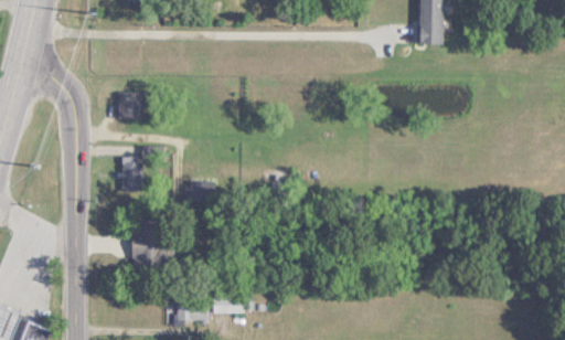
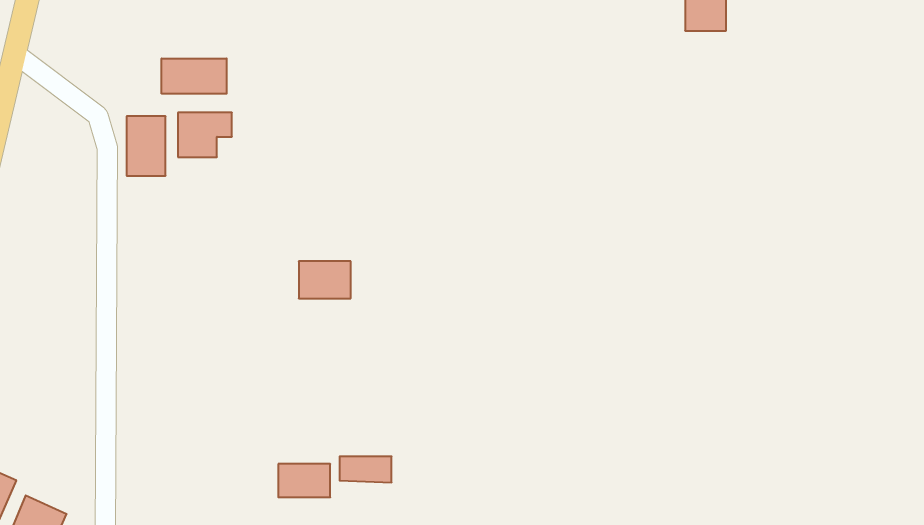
building: none -> [162,58,227,94]
building: [121,157,145,192] -> [127,116,166,176]
building: [130,222,166,259] -> none

